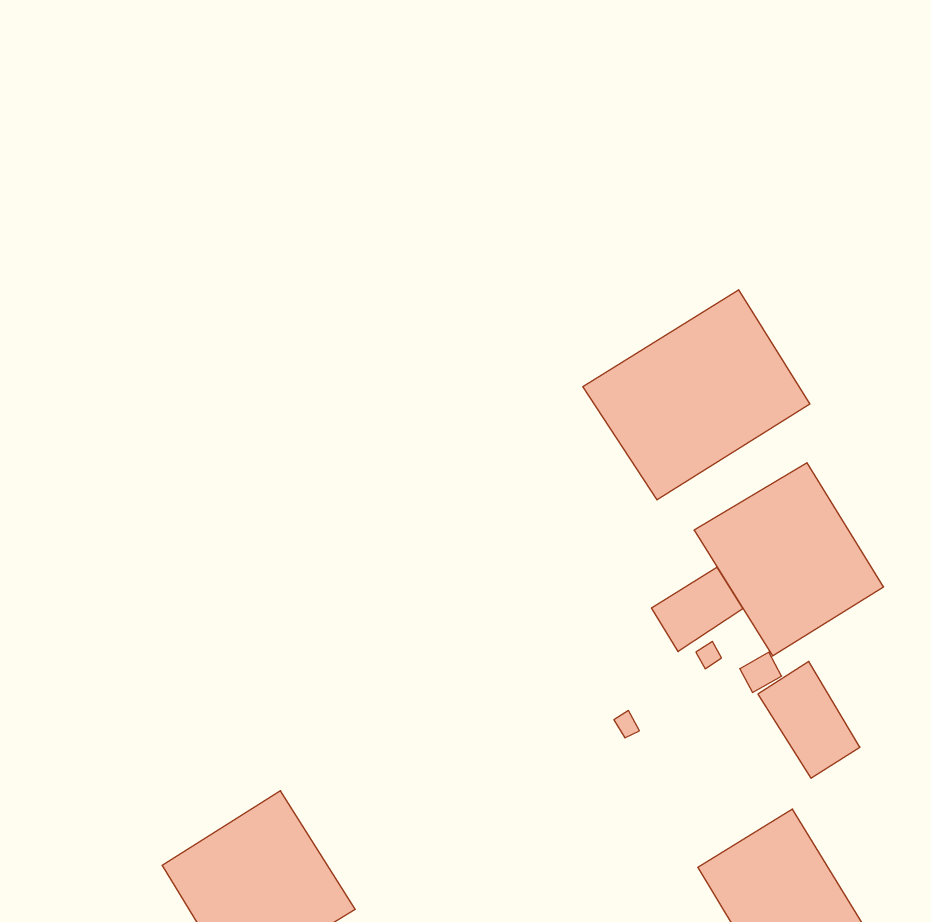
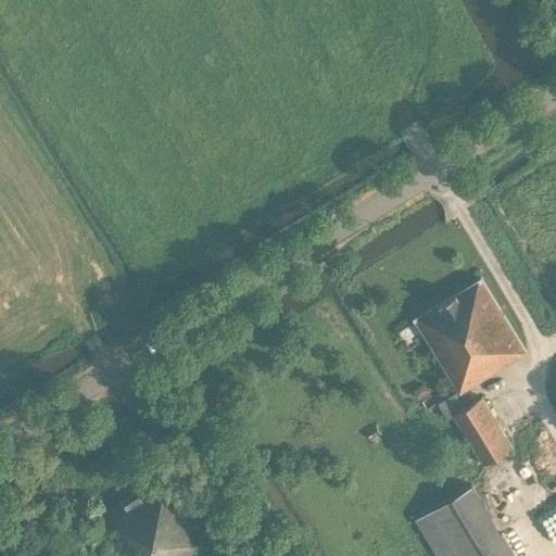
building: [583,290,810,500] -> none
building: [652,567,743,652] -> none

